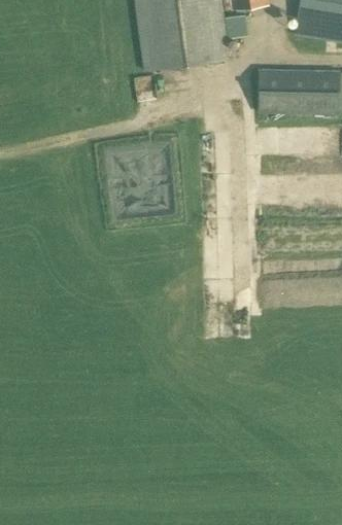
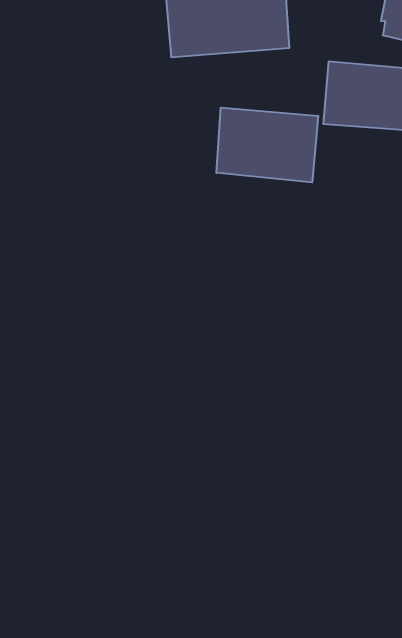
building: none -> [216,108,318,182]

